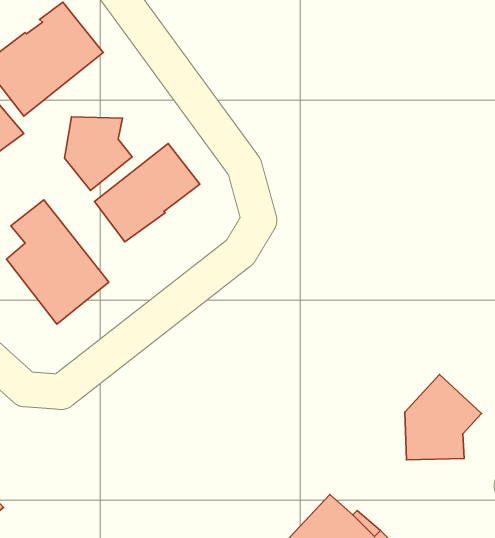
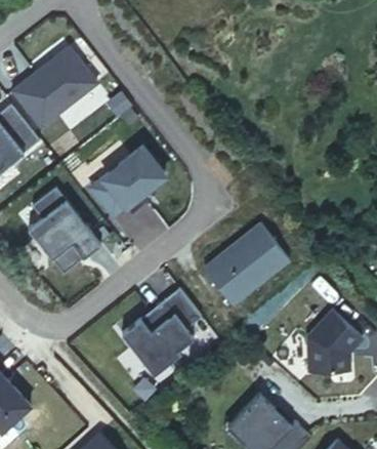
building: [64,117,132,191] -> none
building: none -> [203,221,289,301]
building: none -> [121,287,201,373]

